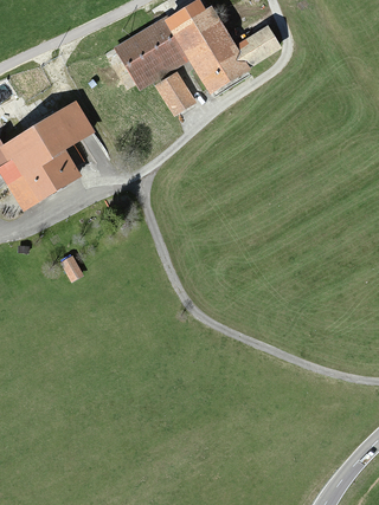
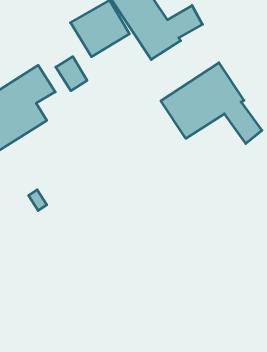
building: [155,72,194,115] -> [56,57,87,91]
building: none -> [161,63,262,144]

